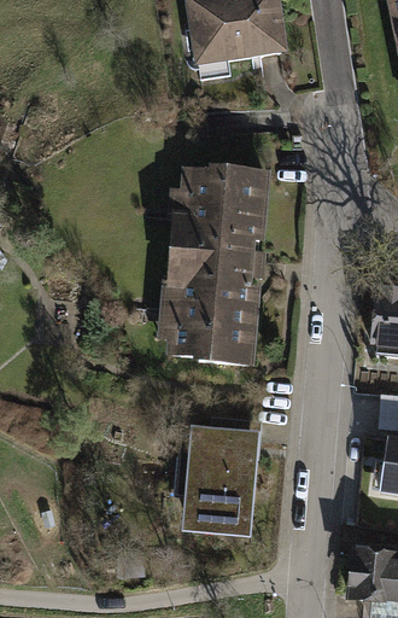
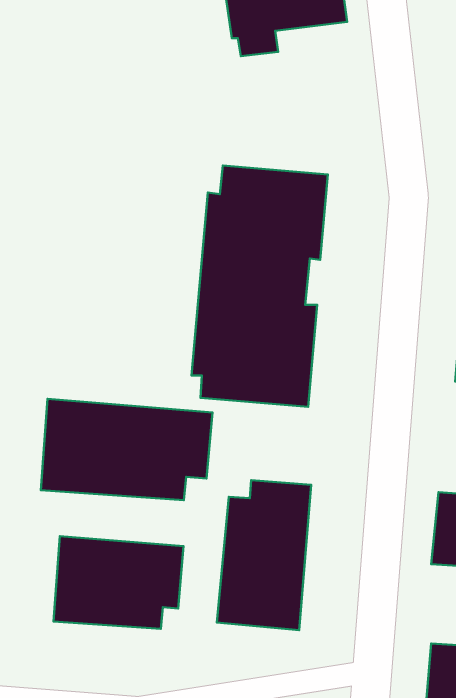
building: none -> [41,399,213,500]
building: none -> [53,536,184,629]

